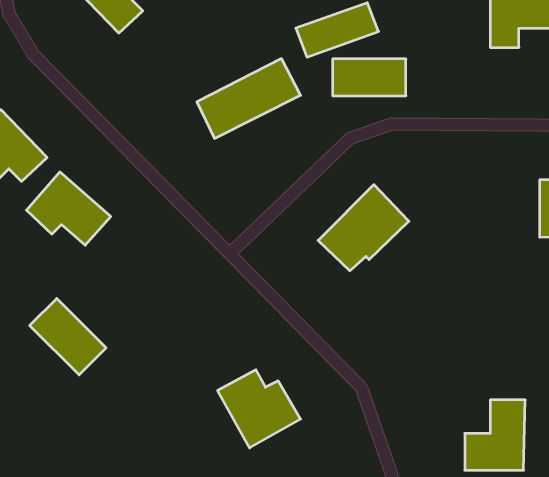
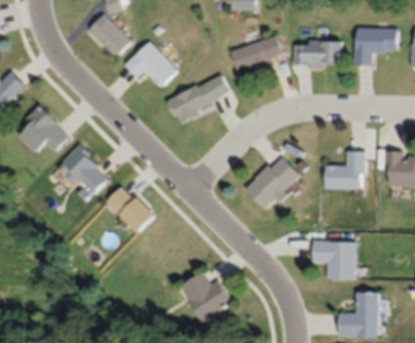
building: none -> [125,40,178,85]
building: [333,59,406,96] -> [295,40,342,64]
building: none -> [326,151,366,189]
building: [30,298,106,375] -> [106,183,155,232]
building: none -> [313,240,355,279]

